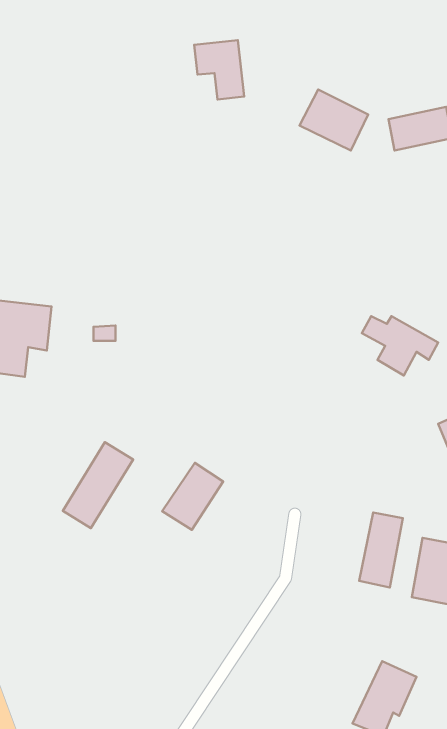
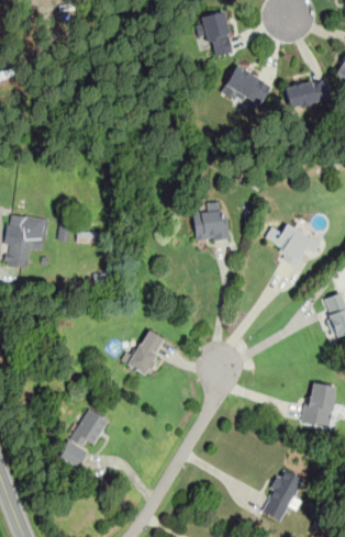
building: [194,40,244,100] -> [196,13,231,55]
building: none -> [192,201,229,243]
building: [63,442,133,528] -> [58,407,108,468]
building: [359,513,403,588] -> none

